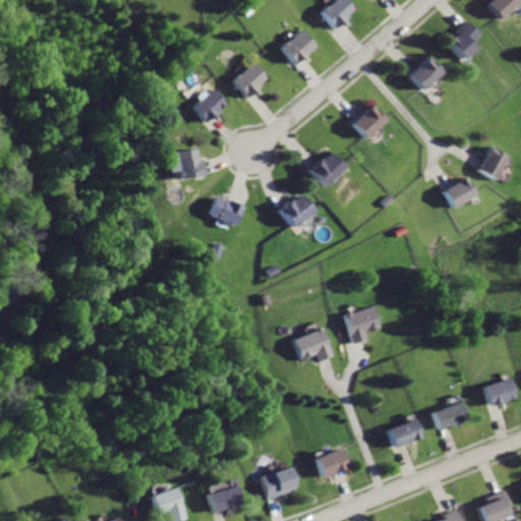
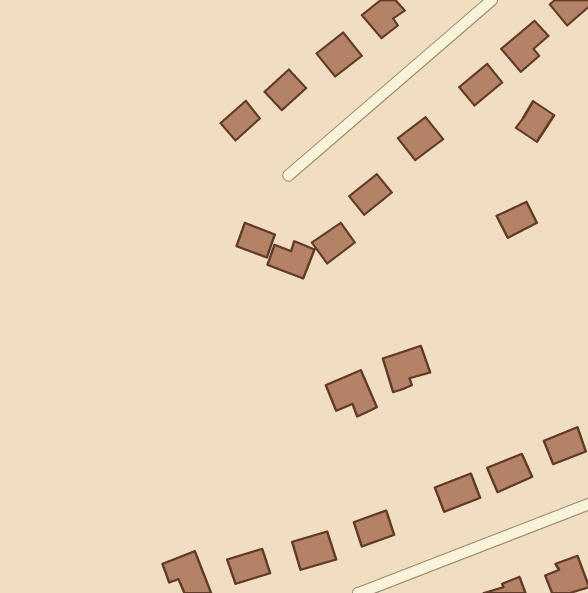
building: [181,147,208,178] -> none
building: [476,147,510,182] -> [516,101,554,142]
building: none -> [268,241,314,279]

